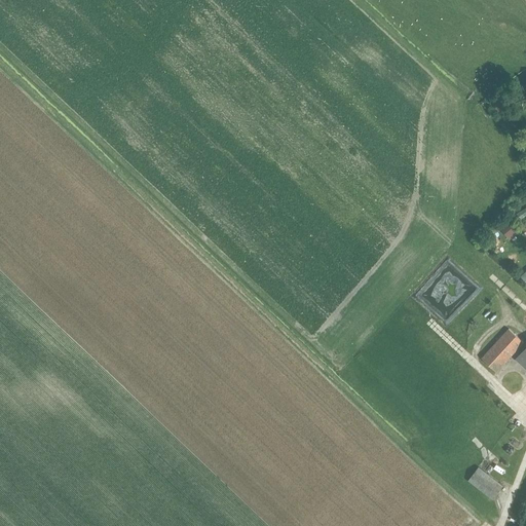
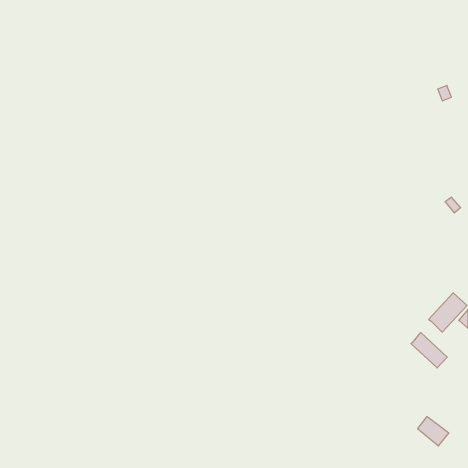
building: none -> [411,333,447,368]

